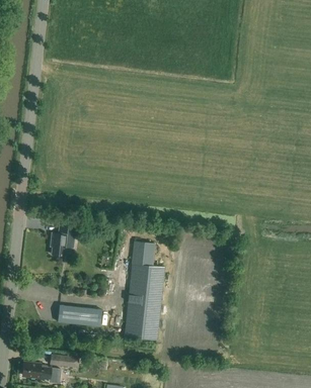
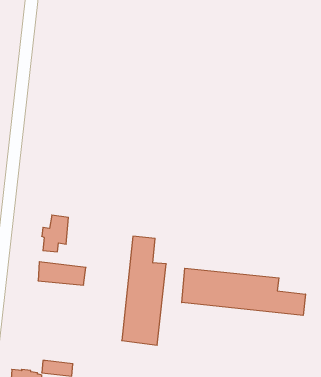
building: none -> [182,268,305,315]
building: [59,304,102,325] -> [38,262,86,285]

